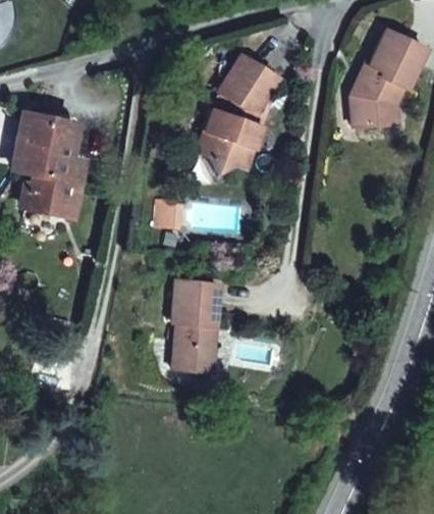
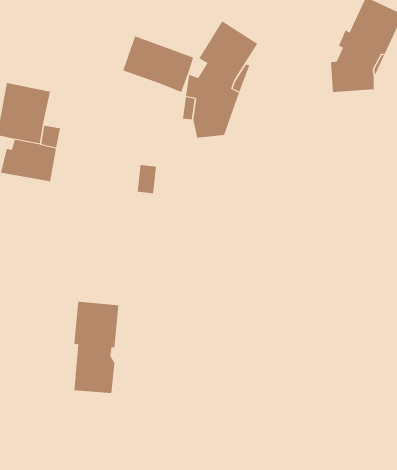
building: none -> [122,35,194,93]
building: [173,278,219,371] -> [74,301,119,394]

